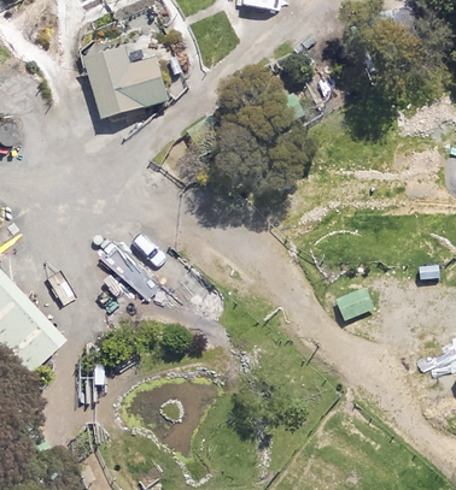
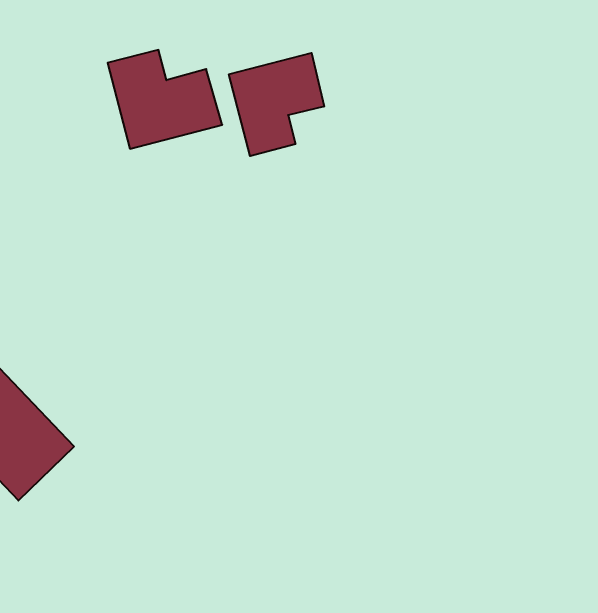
building: none -> [229,53,324,156]

